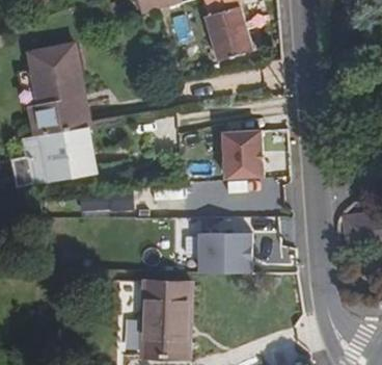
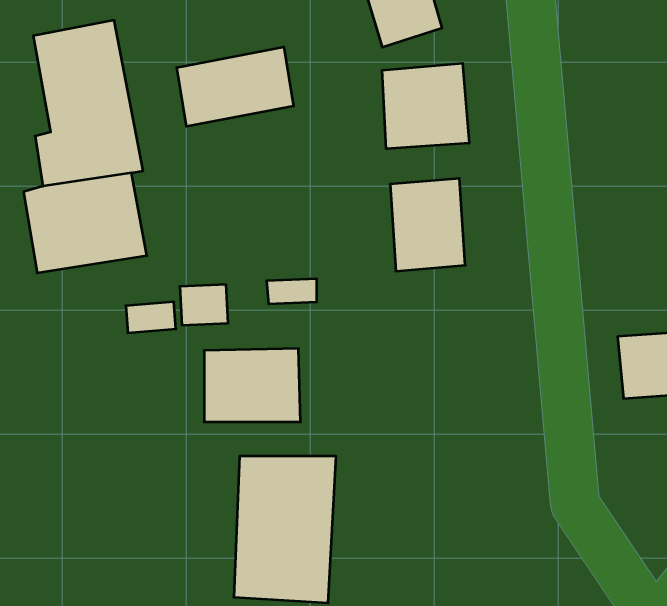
building: none -> [177,47,294,126]
building: none -> [382,63,469,149]
building: [201,232,253,271] -> [204,349,301,422]

